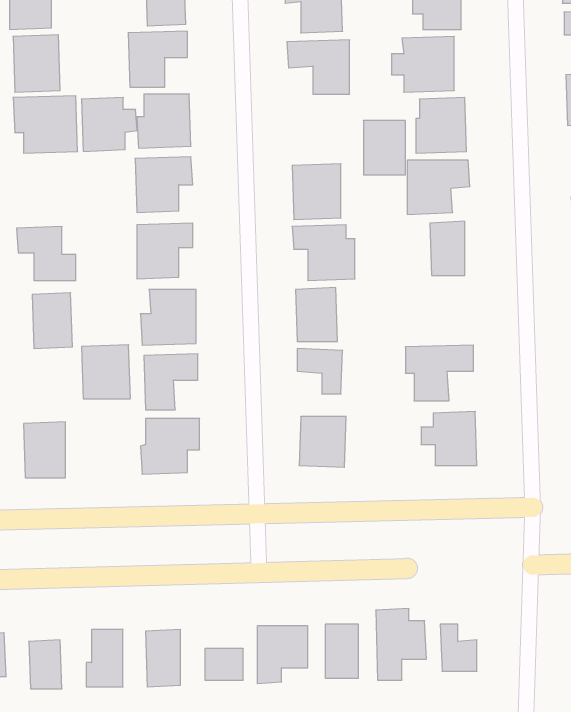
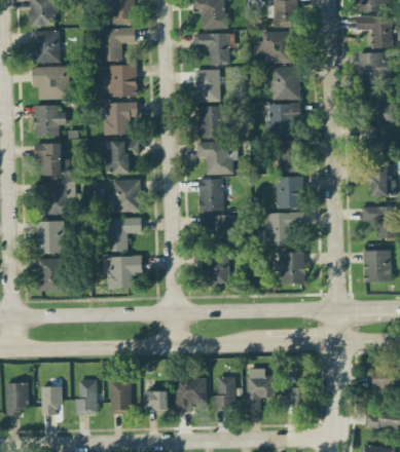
building: [81,97,137,151] -> [33,105,66,137]
building: [363,121,405,175] -> [195,70,220,102]
building: none -> [276,177,301,209]
building: [82,345,130,399] -> [36,221,65,253]

